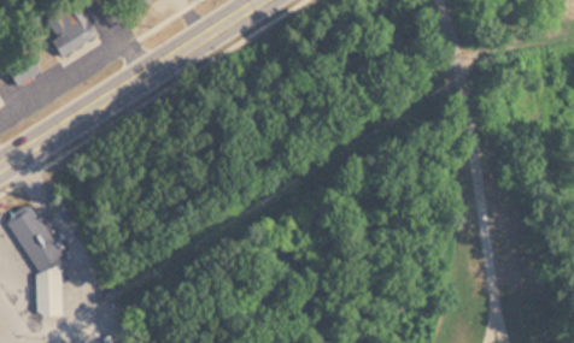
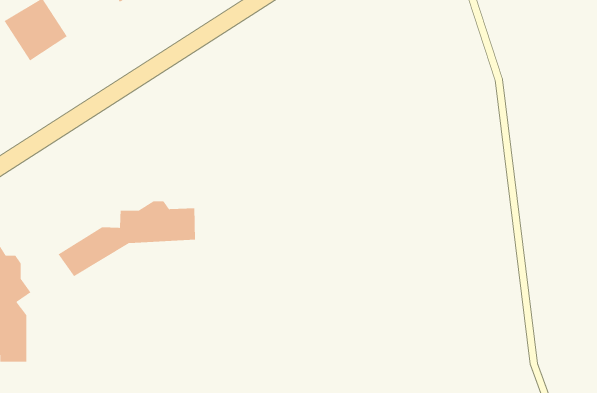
building: none -> [58,201,196,277]

